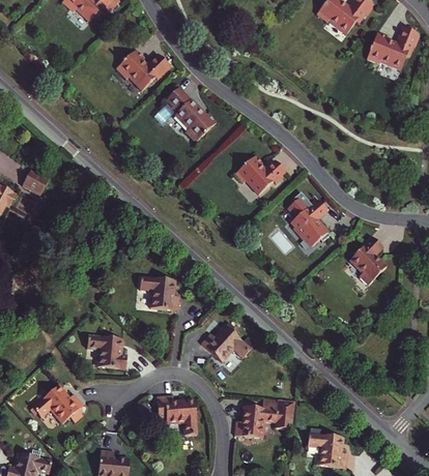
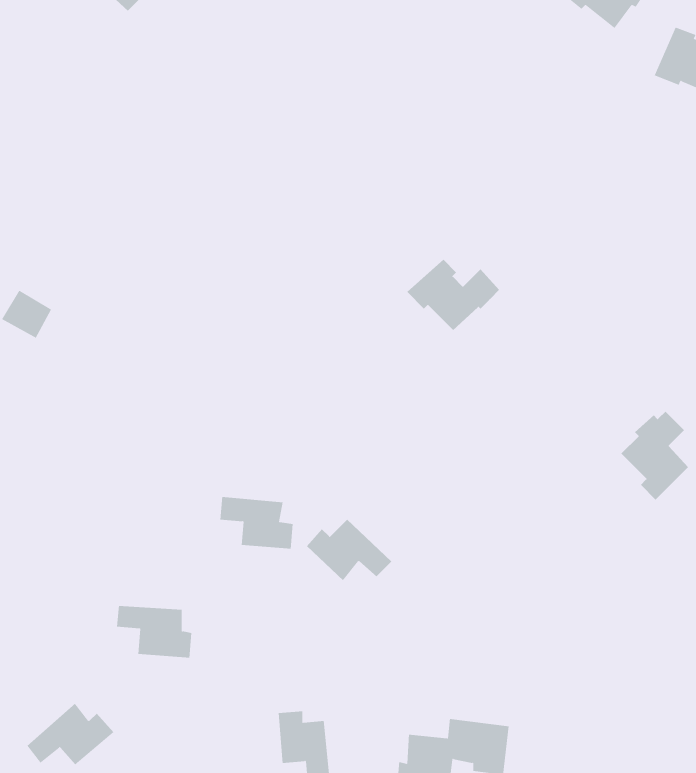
building: [117,51,171,90] -> none
building: [168,87,218,141] -> none
building: [291,200,331,246] -> none
building: [202,334,248,367] -> [306,519,392,581]

